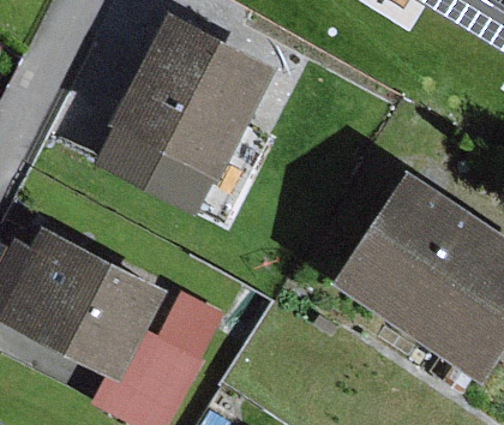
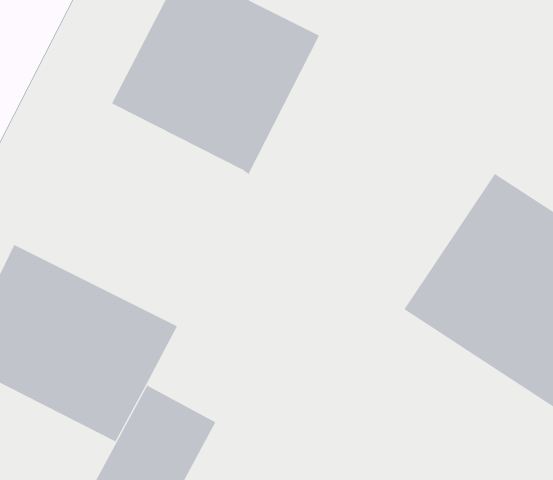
building: [89,120,214,215] -> none

